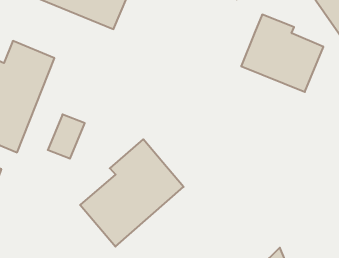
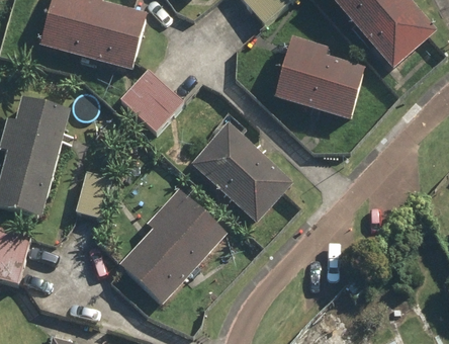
building: none -> [119,69,184,133]
building: none -> [191,121,292,221]

